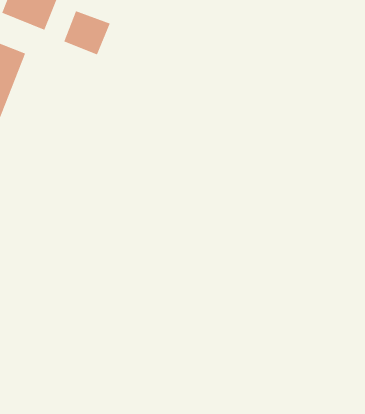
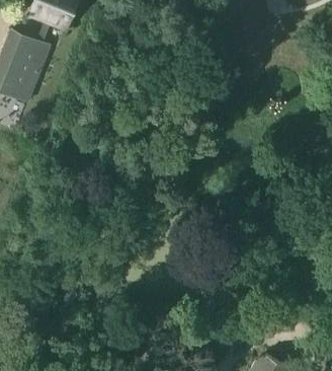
building: [63,10,111,55] -> none

